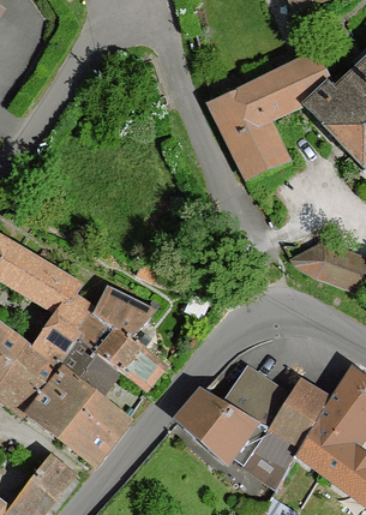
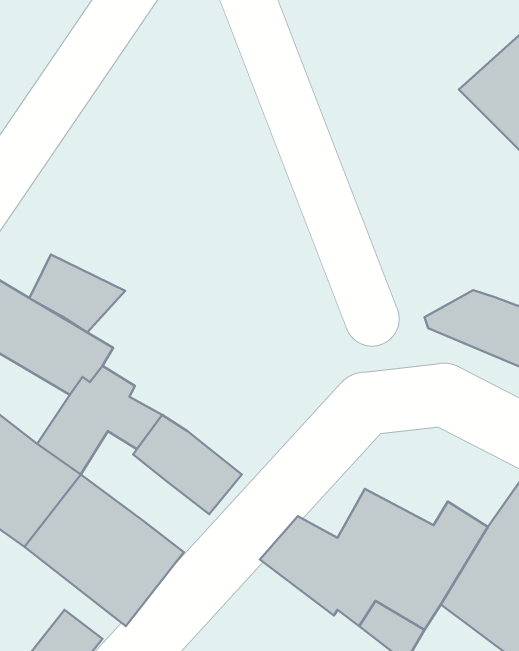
building: [215,55,330,176] -> none
building: [94,285,157,336] -> [29,255,125,332]
building: [61,336,120,396] -> none

